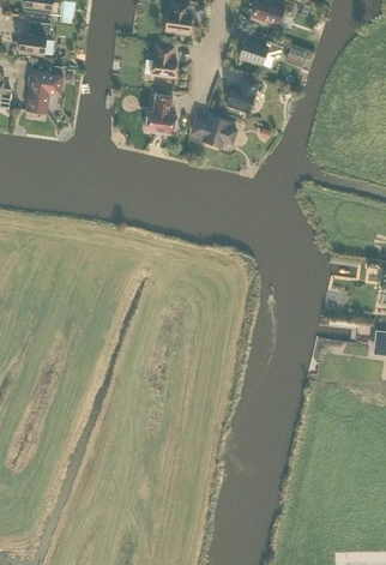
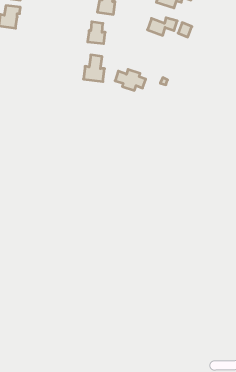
building: [25,65,62,115] -> none
building: [225,76,258,112] -> none

